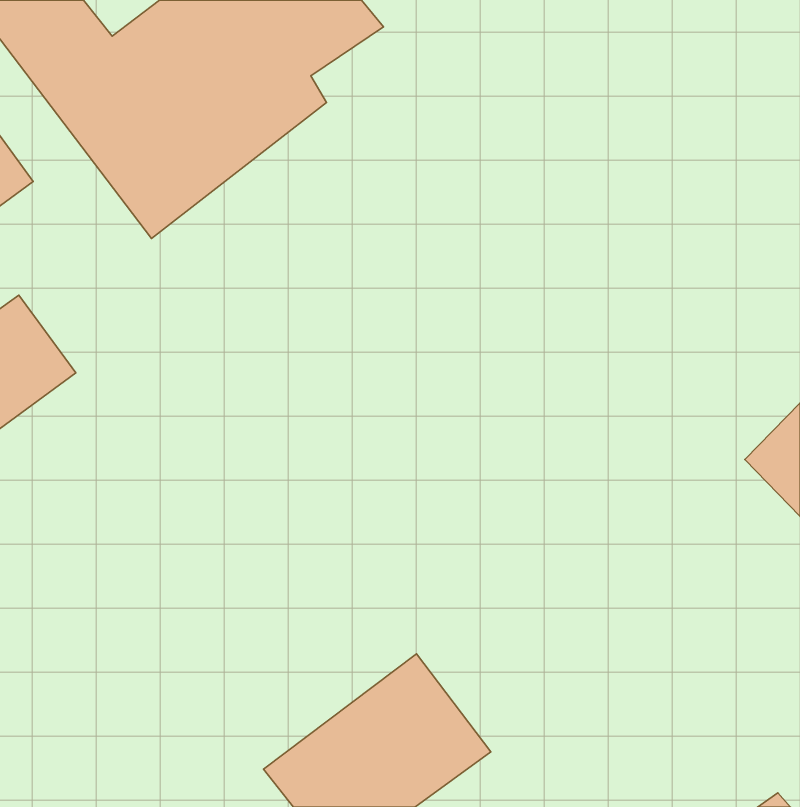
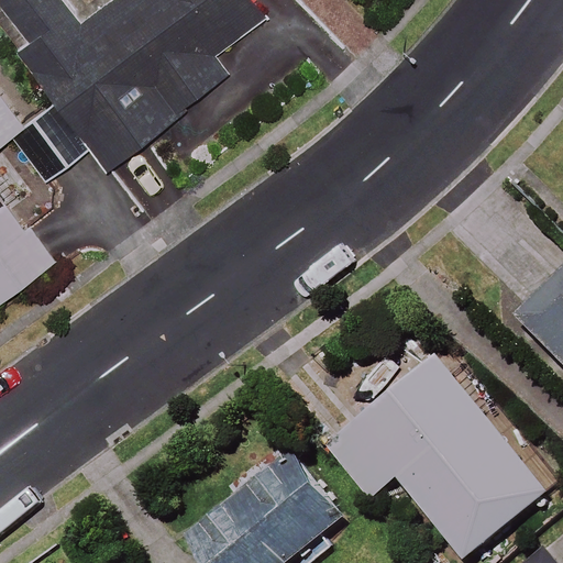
building: none -> [328,356,527,539]

